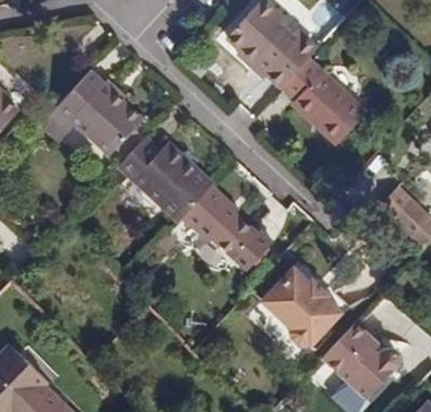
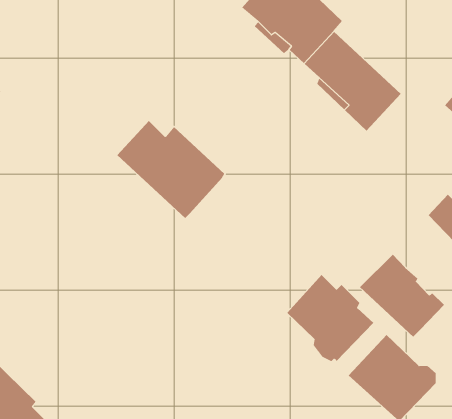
building: [50,71,142,154] -> none
building: [182,186,272,270] -> none
building: none -> [359,254,445,337]

